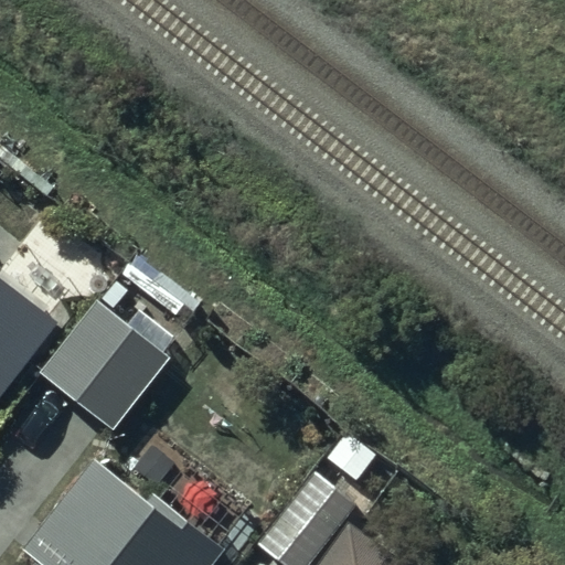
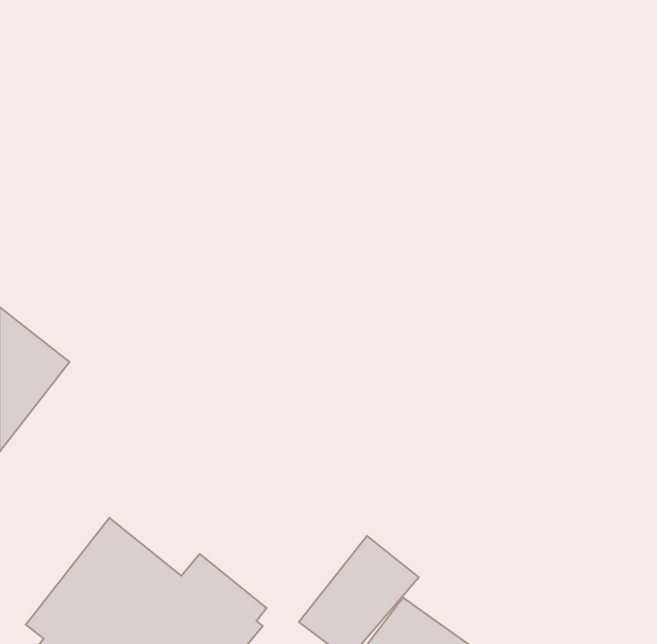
building: [36,300,171,433] -> none

